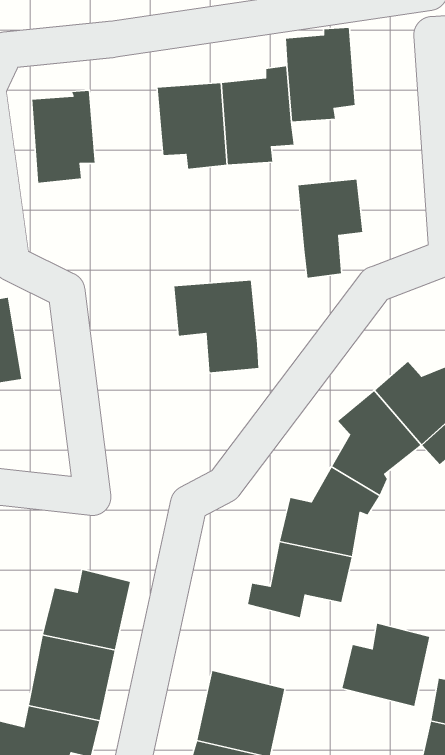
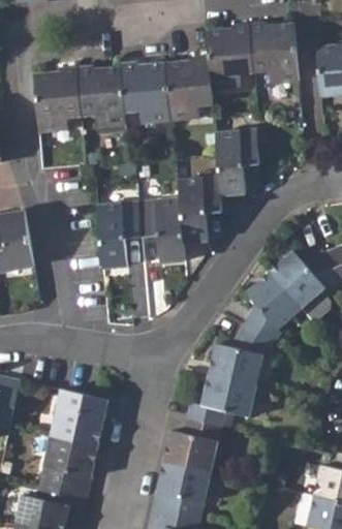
building: none -> [255,23,303,84]
building: none -> [80,66,130,125]
building: none -> [187,176,227,240]
building: none -> [95,200,139,264]
building: [341,623,430,707] -> [162,415,222,472]

